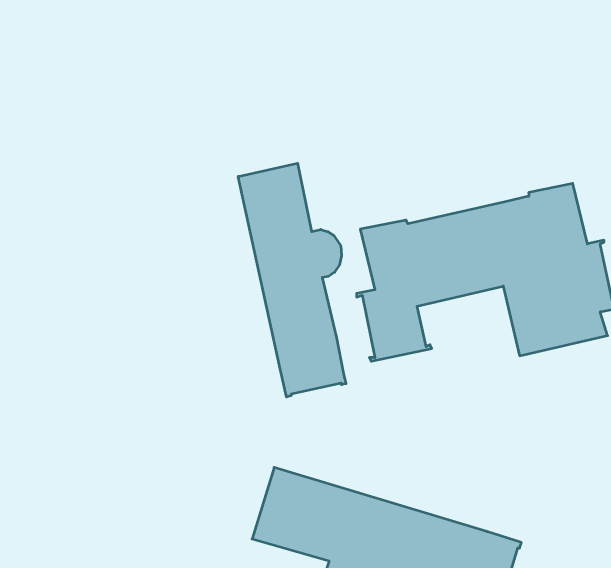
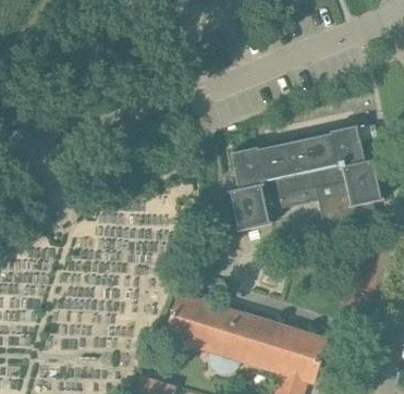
building: [238,163,346,397] -> none

